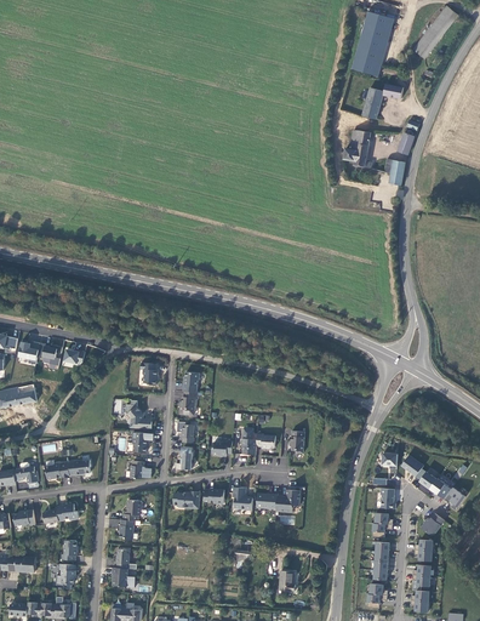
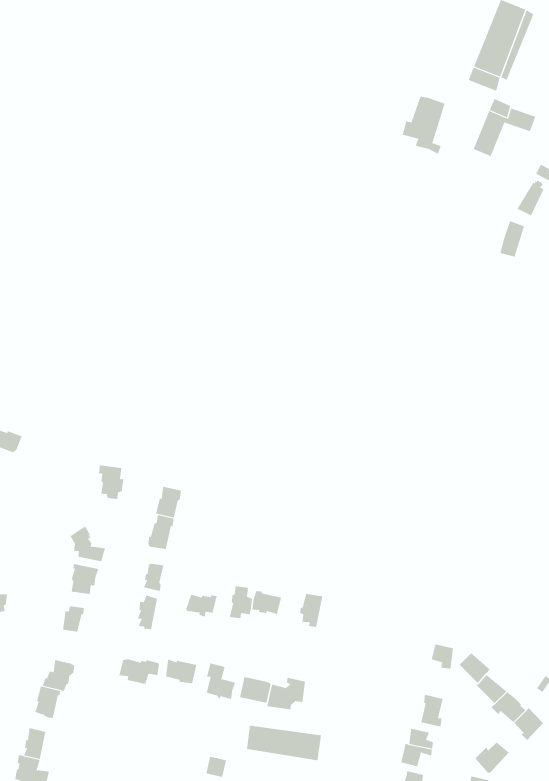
building: [344,130,372,167] -> [402,96,446,154]
building: none -> [247,725,322,761]

